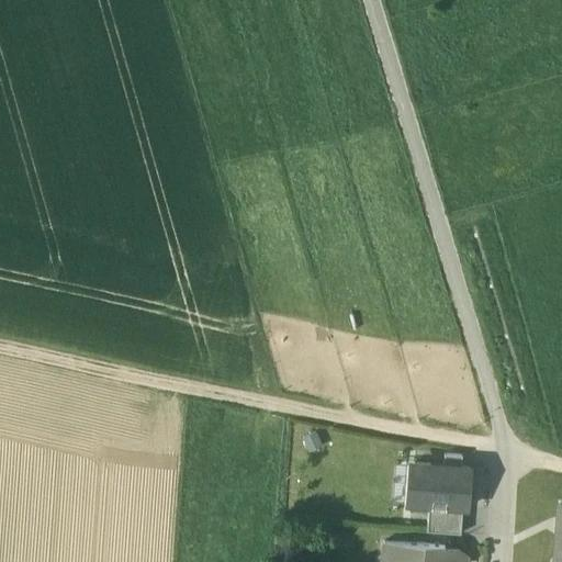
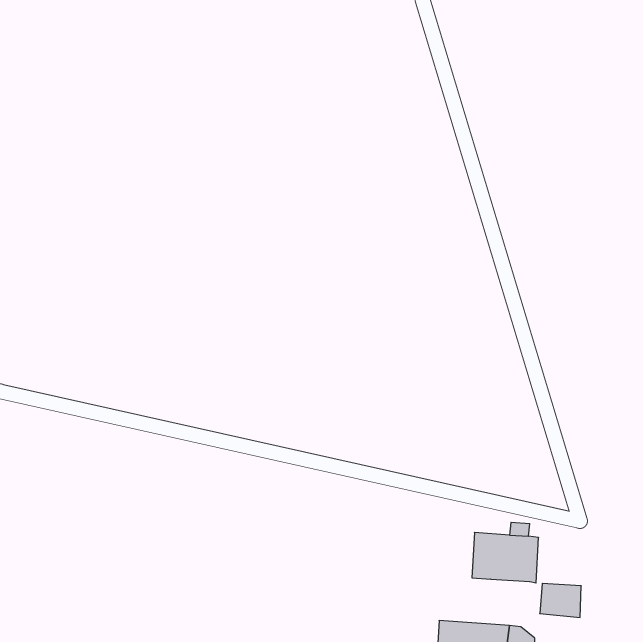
building: [426,506,462,536] -> [540,583,581,617]

